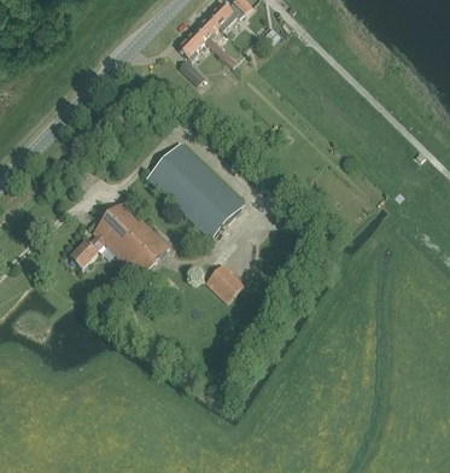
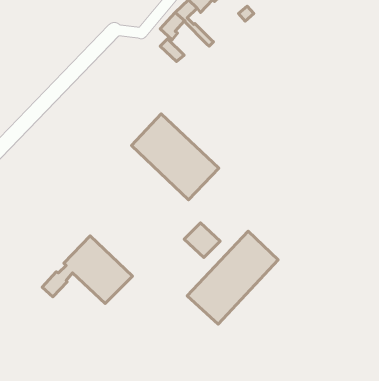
building: [69,200,169,275] -> [42,236,133,303]
building: none -> [187,231,278,324]

